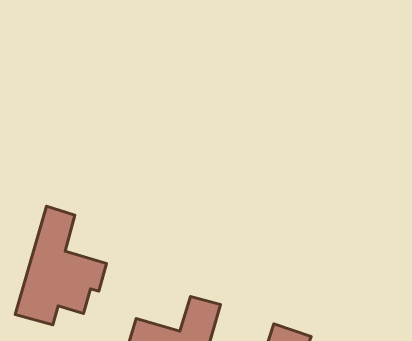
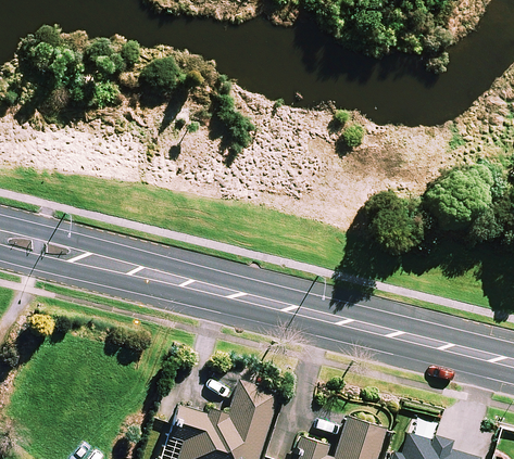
building: [15,206,107,325] -> none

